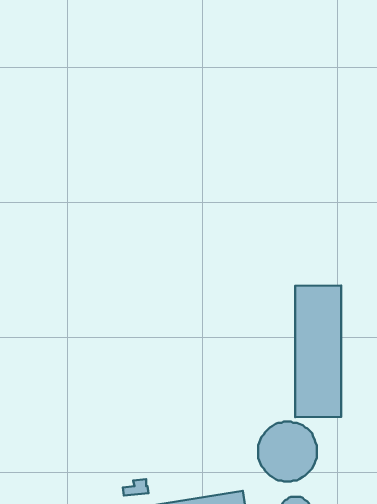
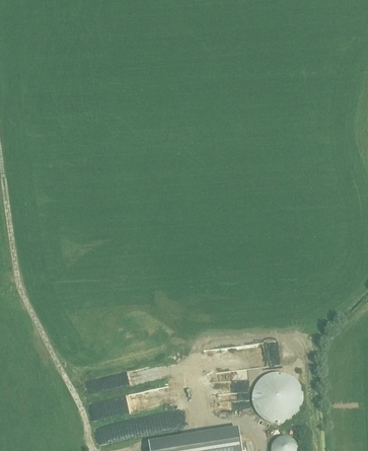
building: [295,286,341,417] -> none

